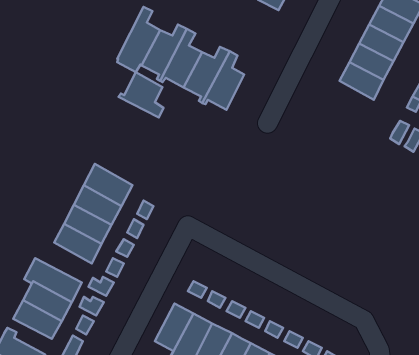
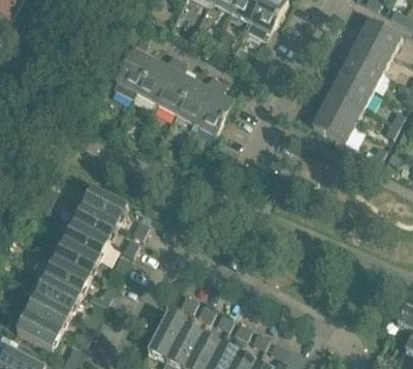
building: [118,72,164,118] -> none
building: none -> [312,107,353,143]
building: none -> [37,256,90,296]

